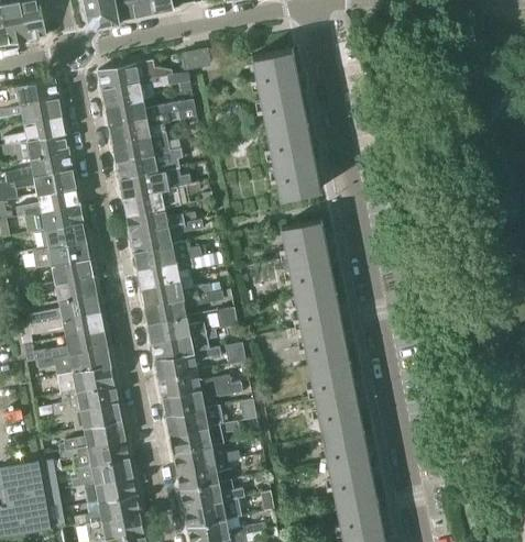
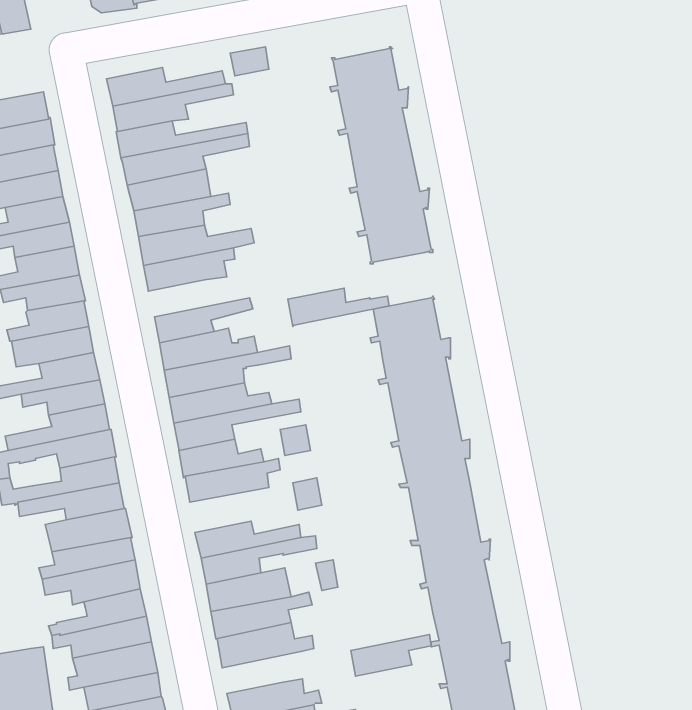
building: [125,208,195,234] -> [288,288,389,327]
building: [154,347,220,380] -> none
building: [176,462,231,490] -> [351,634,431,676]

